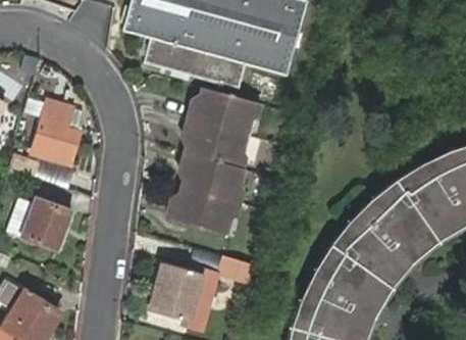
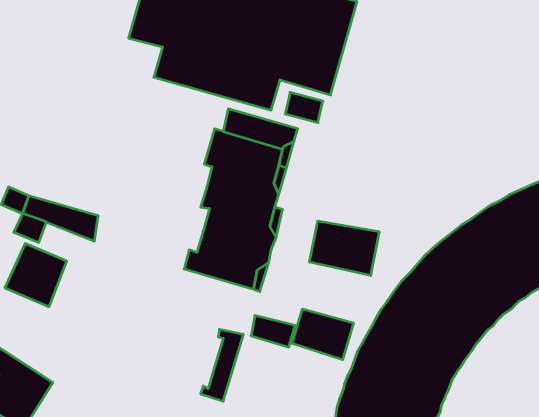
building: [34,99,81,162] -> none
building: none -> [310,221,379,276]
building: none -> [292,309,353,360]
building: [149,264,199,315] -> none

